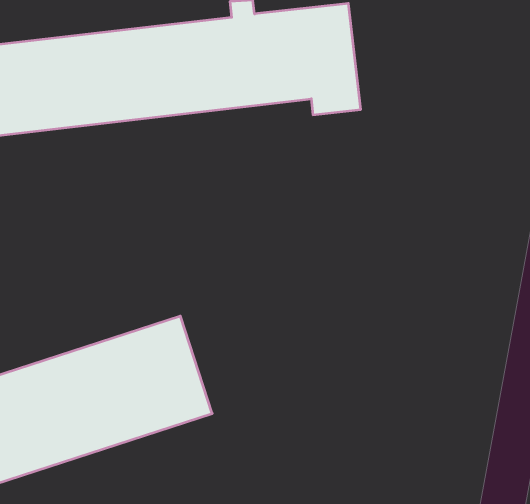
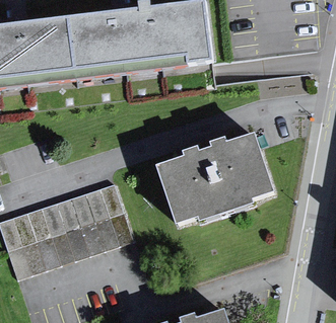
building: none -> [153,133,272,223]

